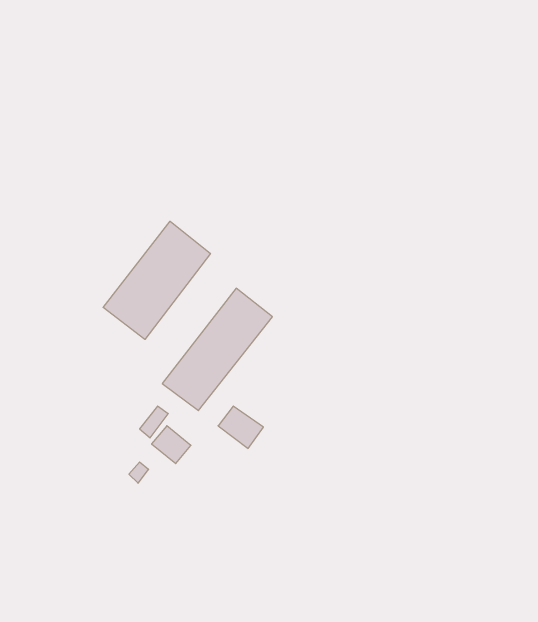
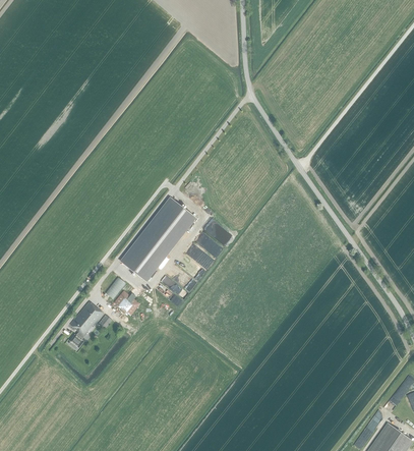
building: [103,221,210,339] -> none
building: none -> [68,300,103,347]

